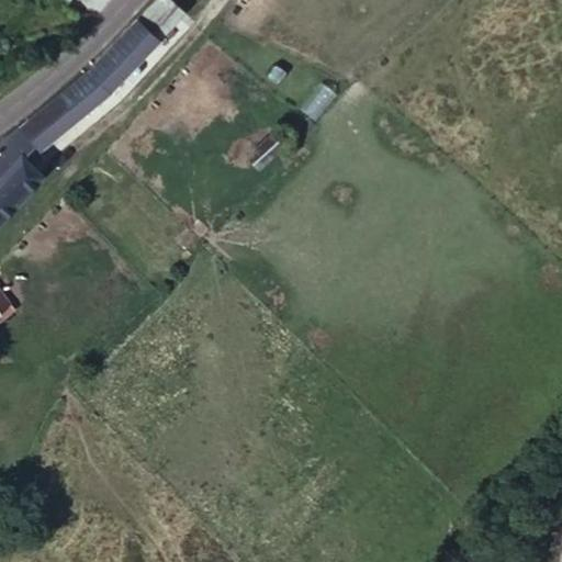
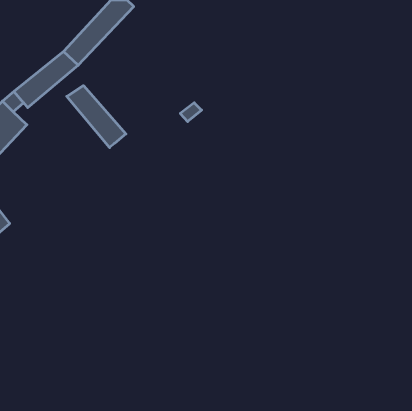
building: none -> [67,86,126,148]

